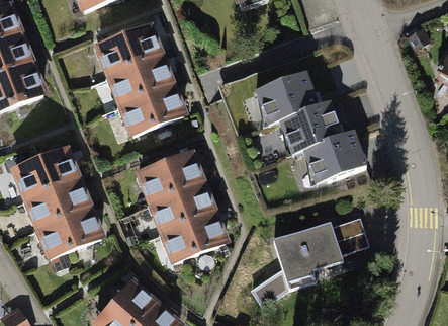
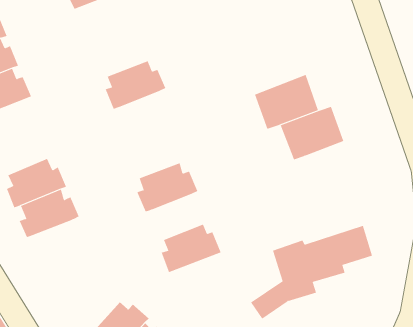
building: [102,29,160,76] -> none
building: [125,88,183,135] -> none
building: [304,132,366,184] -> none
building: [155,186,213,232] -> none
building: [42,211,100,257] -> none

